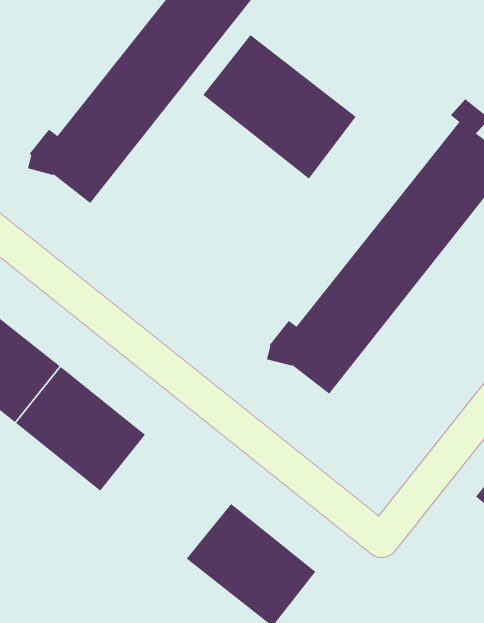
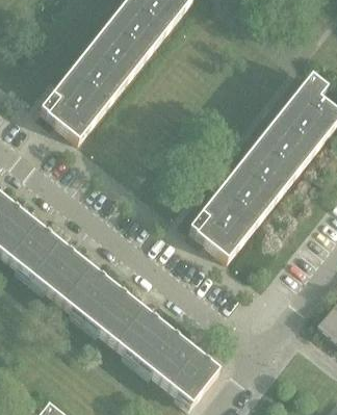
building: [202,34,357,179] -> none
building: none -> [84,281,165,358]

